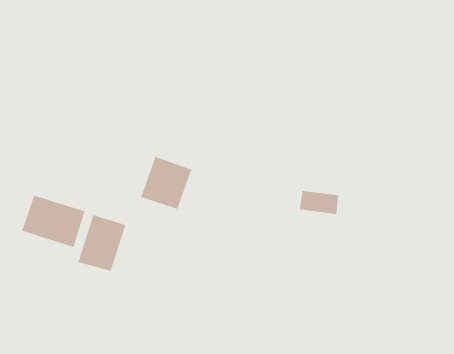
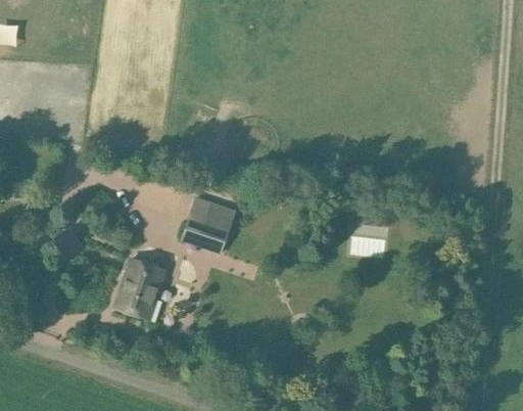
building: [22,195,85,248] -> none

